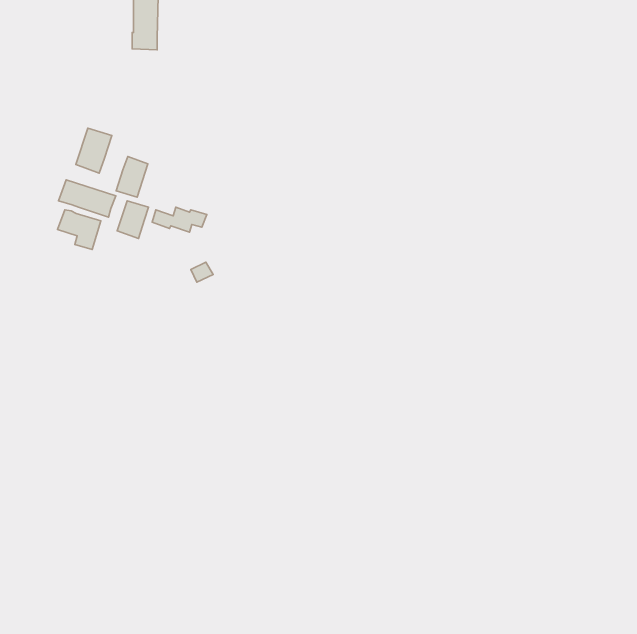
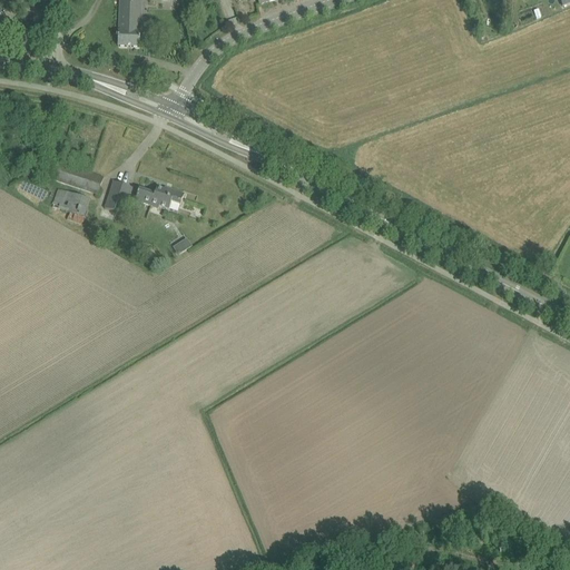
building: [76,128,112,173] -> none
building: [116,156,148,197] -> none

